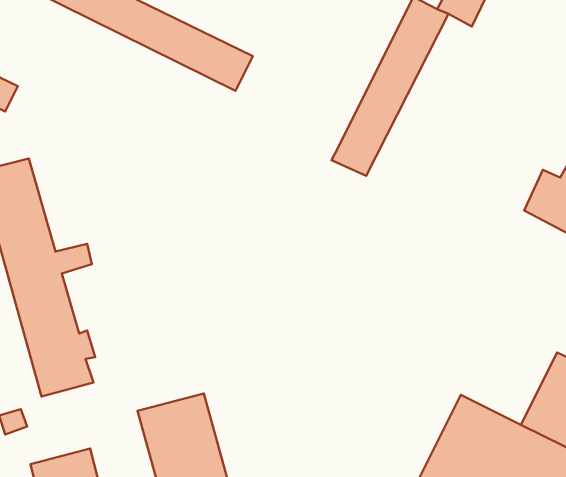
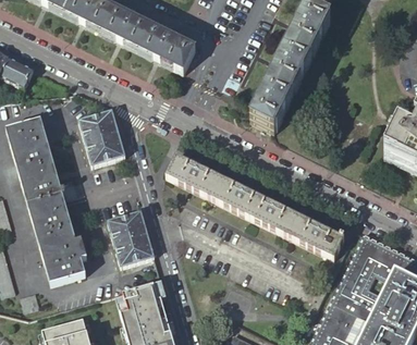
building: none -> [77,107,124,162]
building: none -> [164,152,344,256]
building: none -> [107,208,154,263]
building: none -> [339,230,405,300]

